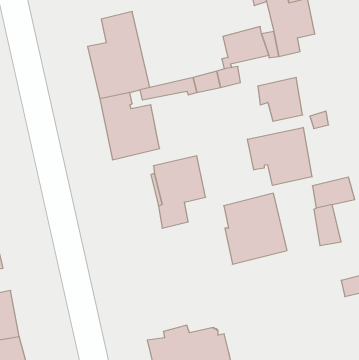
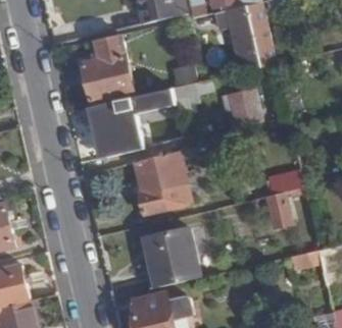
building: [248,127,312,185] -> none
building: [224,193,287,264] -> [148,229,200,287]

